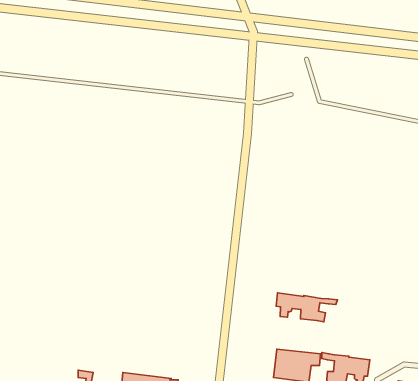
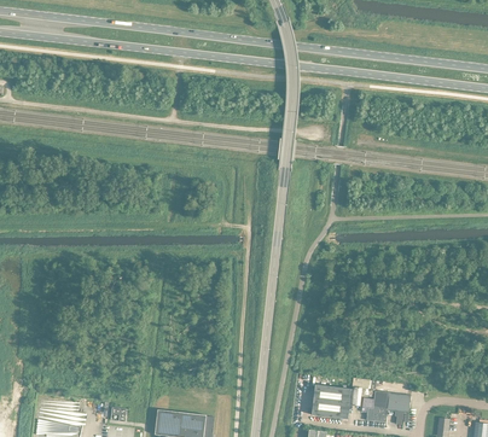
building: [276,293,337,322] -> none

